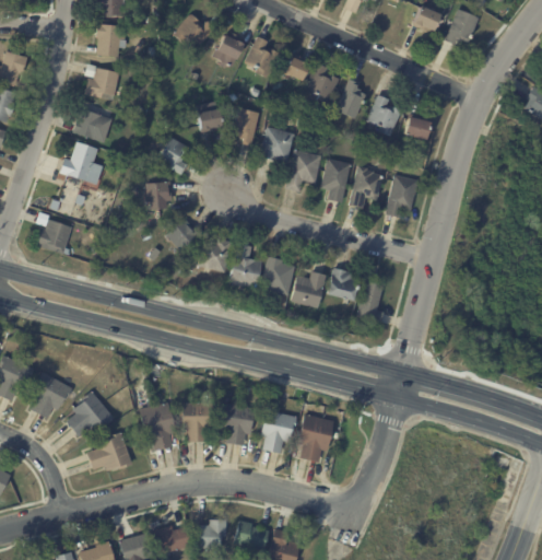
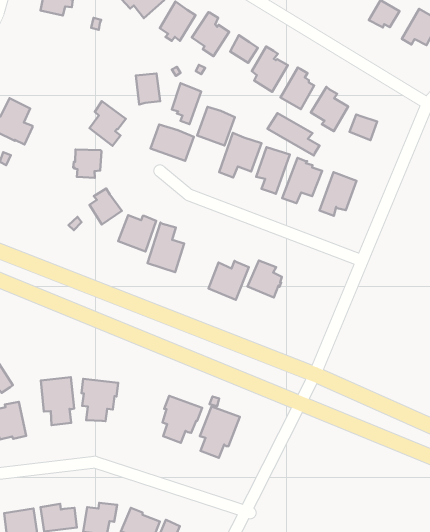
building: [81,63,119,101] -> none
building: [72,109,103,140] -> none
building: none -> [267,113,320,156]
building: none -> [150,124,194,161]
building: [259,257,295,296] -> none
building: [356,278,384,324] -> none
building: [221,404,256,445] -> none

